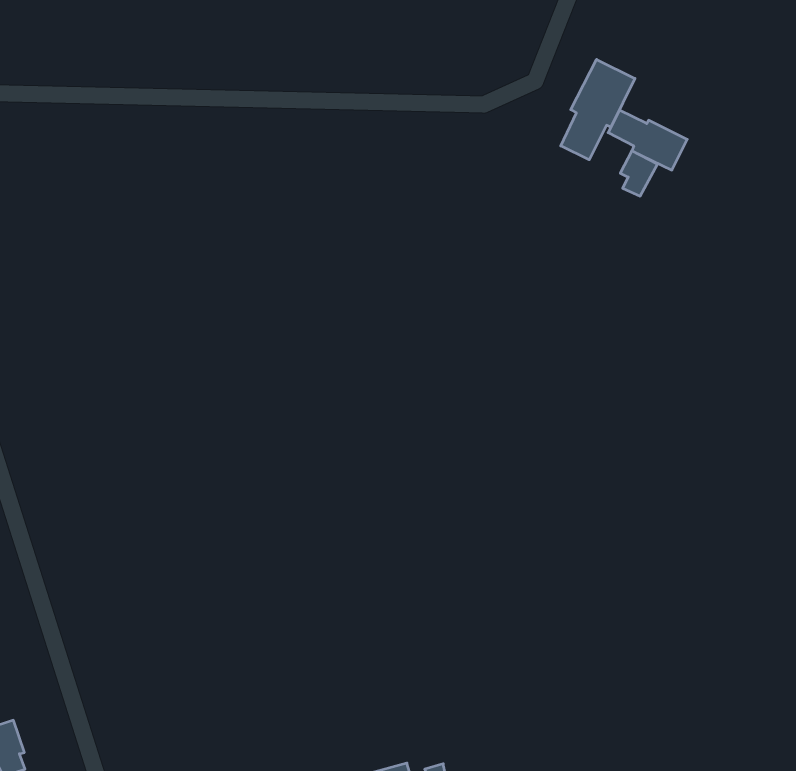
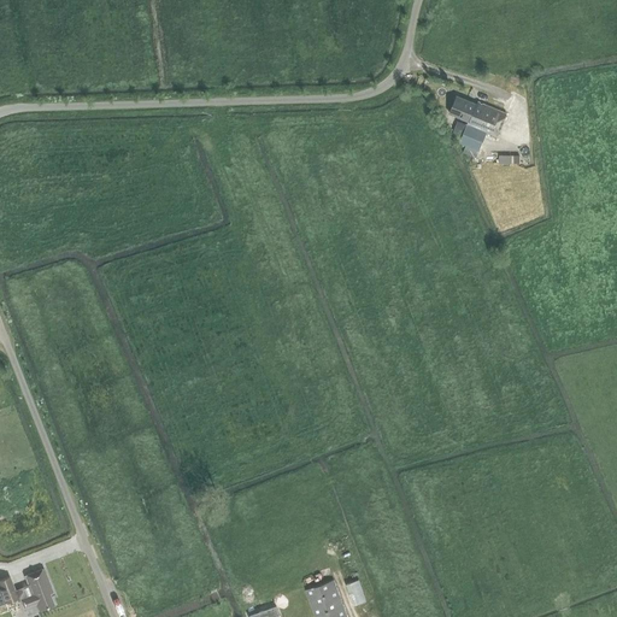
building: [561,59,635,160] -> none

